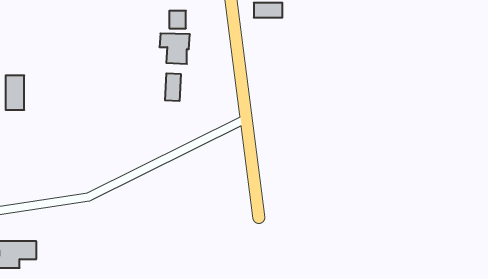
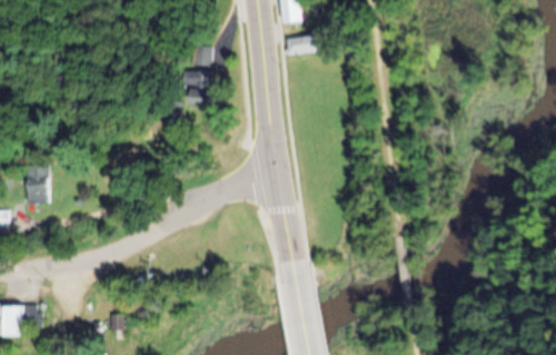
building: [165,73,181,101] -> none
building: [6,75,24,110] -> [23,165,44,204]

